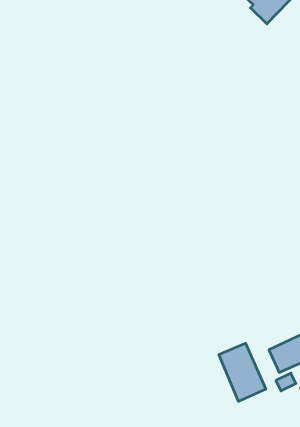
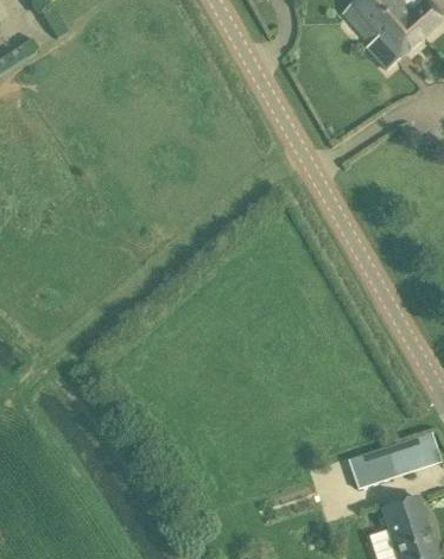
building: [219,343,266,401] -> none

